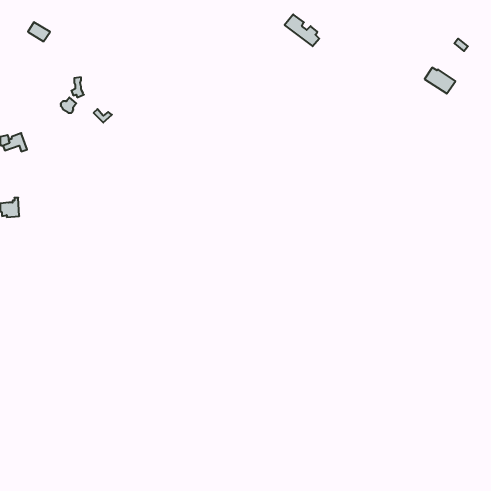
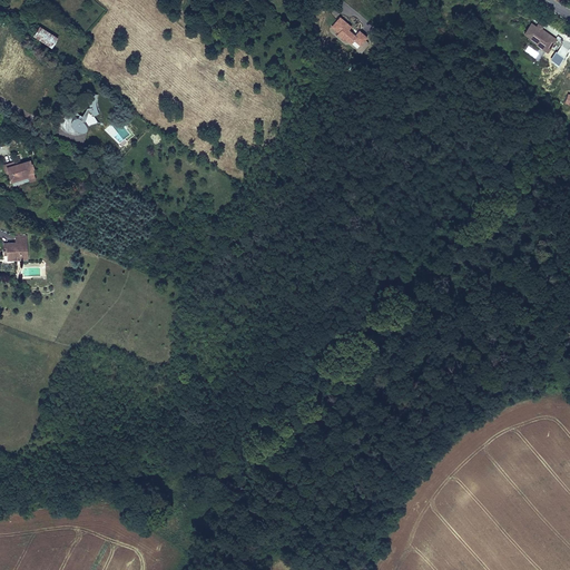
building: [425,68,455,94] -> [523,24,559,55]

